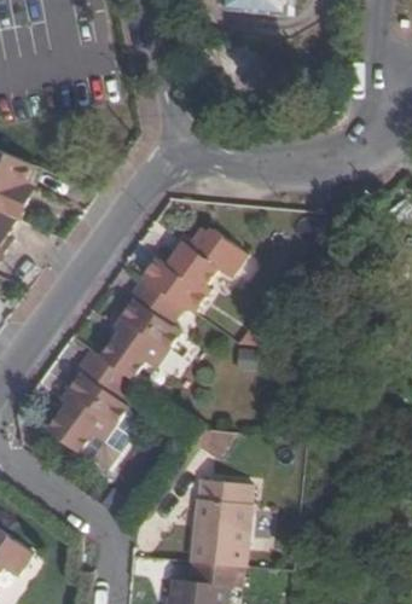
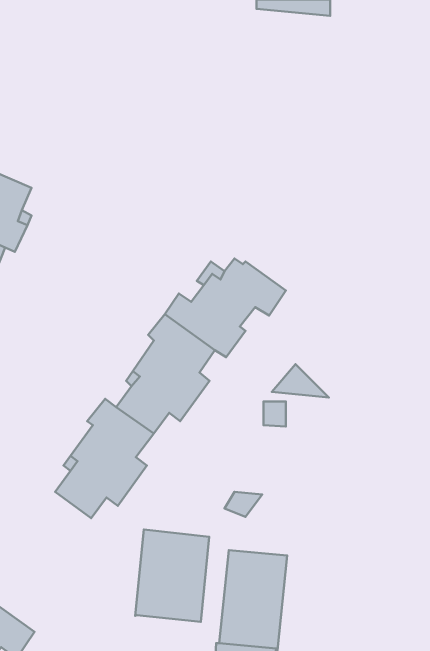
building: none -> [135,530,209,622]

